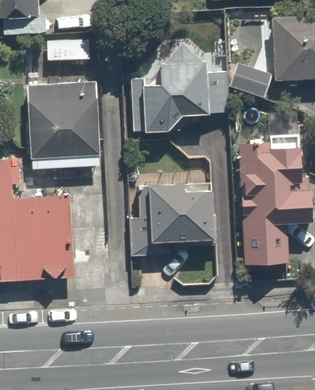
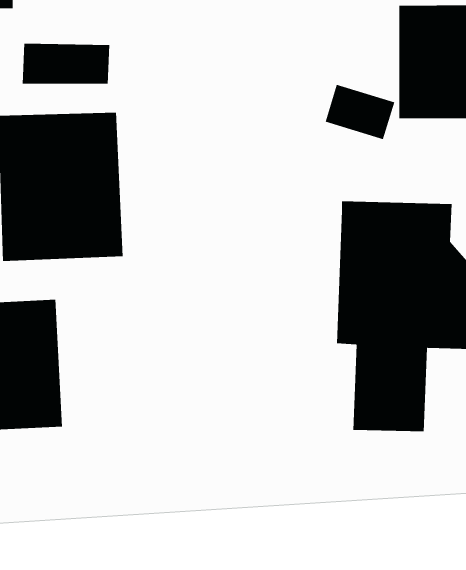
building: [123,66,226,138] -> none
building: [129,184,218,252] -> none

